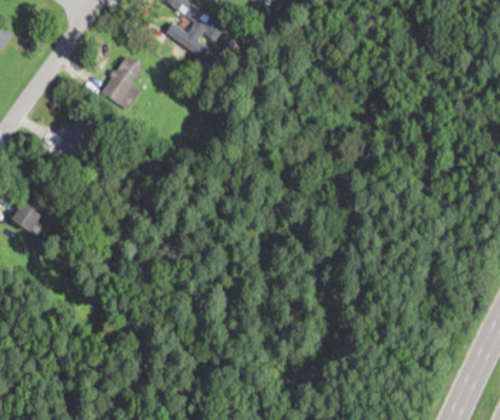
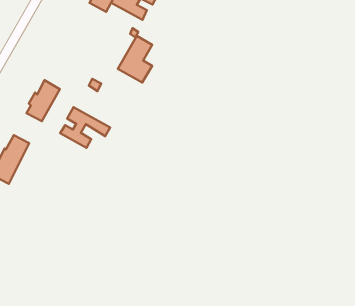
building: [100,56,143,110] -> [118,36,152,82]
building: none -> [60,107,110,148]

